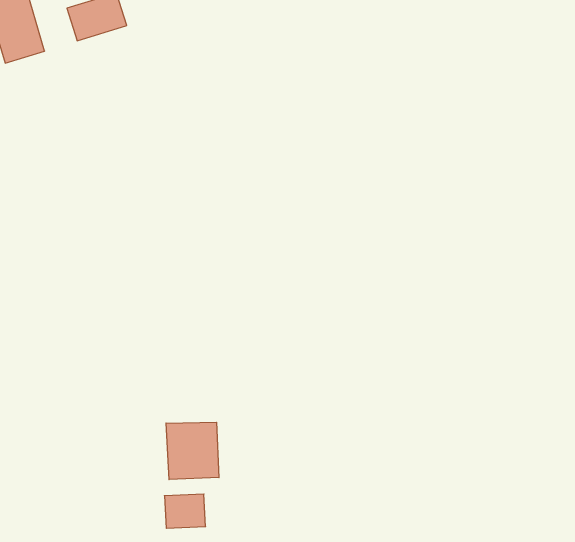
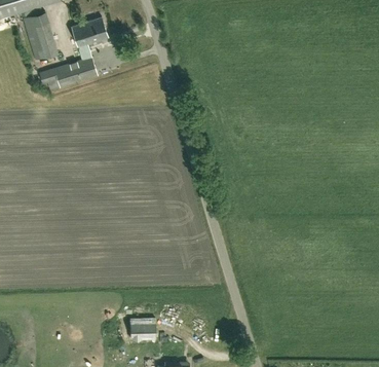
building: none -> [39,57,98,87]
building: [166,422,219,480] -> none

